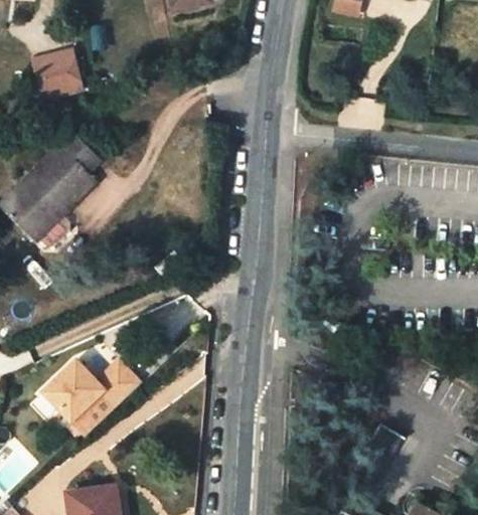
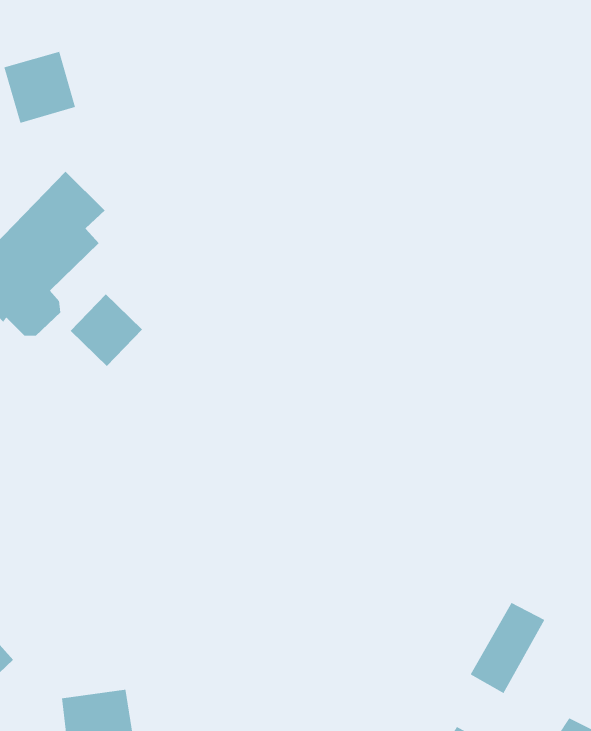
building: none -> [70,294,143,367]
building: [44,359,141,435] -> none

